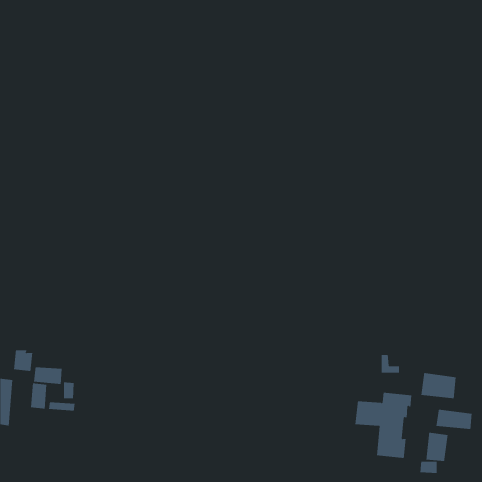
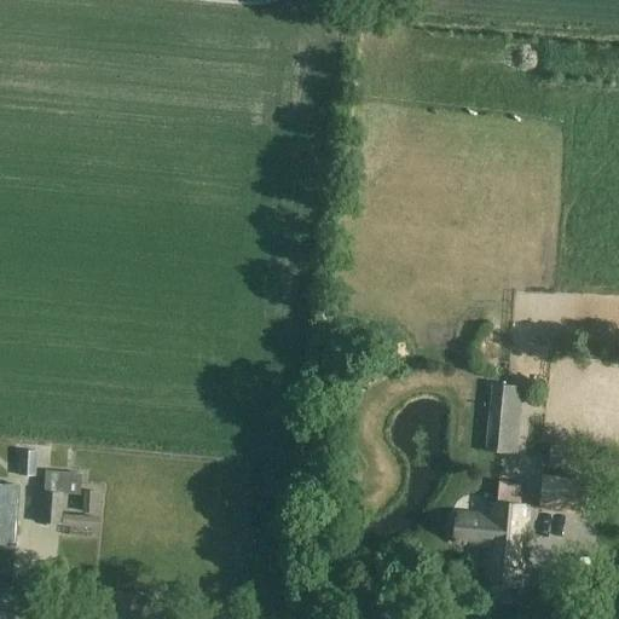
building: none -> [485,381,521,451]
building: [436,409,472,430] -> none
building: [426,432,448,462] -> none

